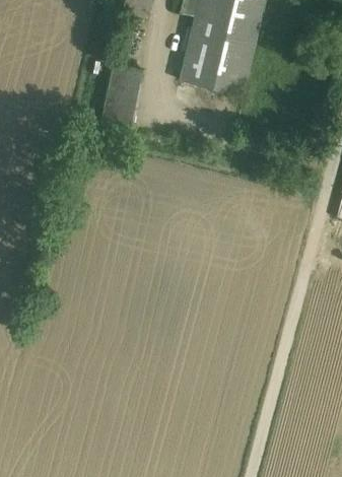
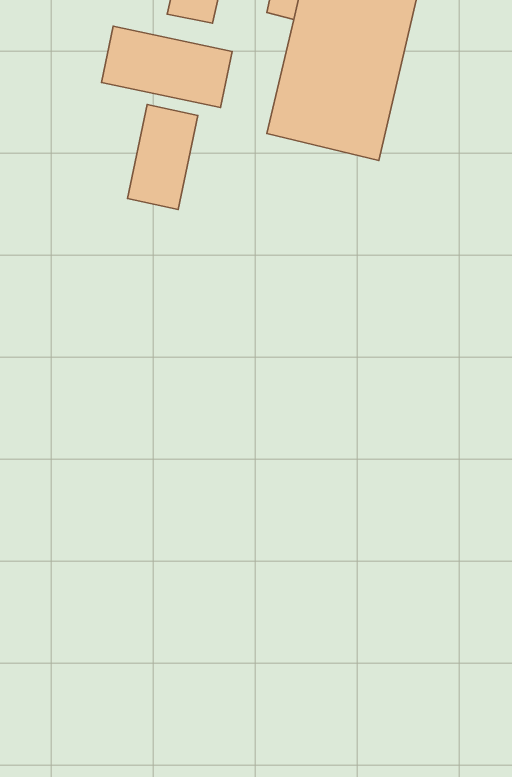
building: none -> [101,26,232,108]

